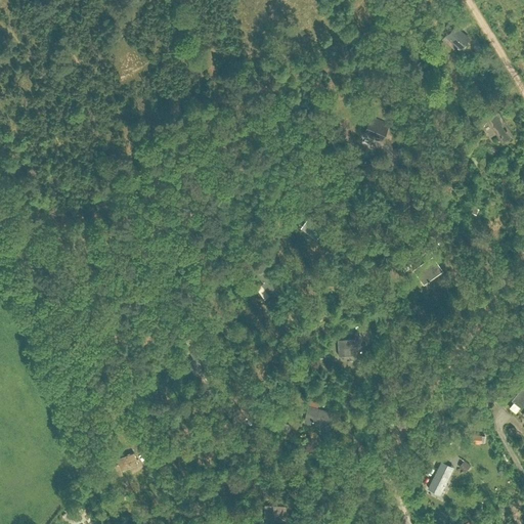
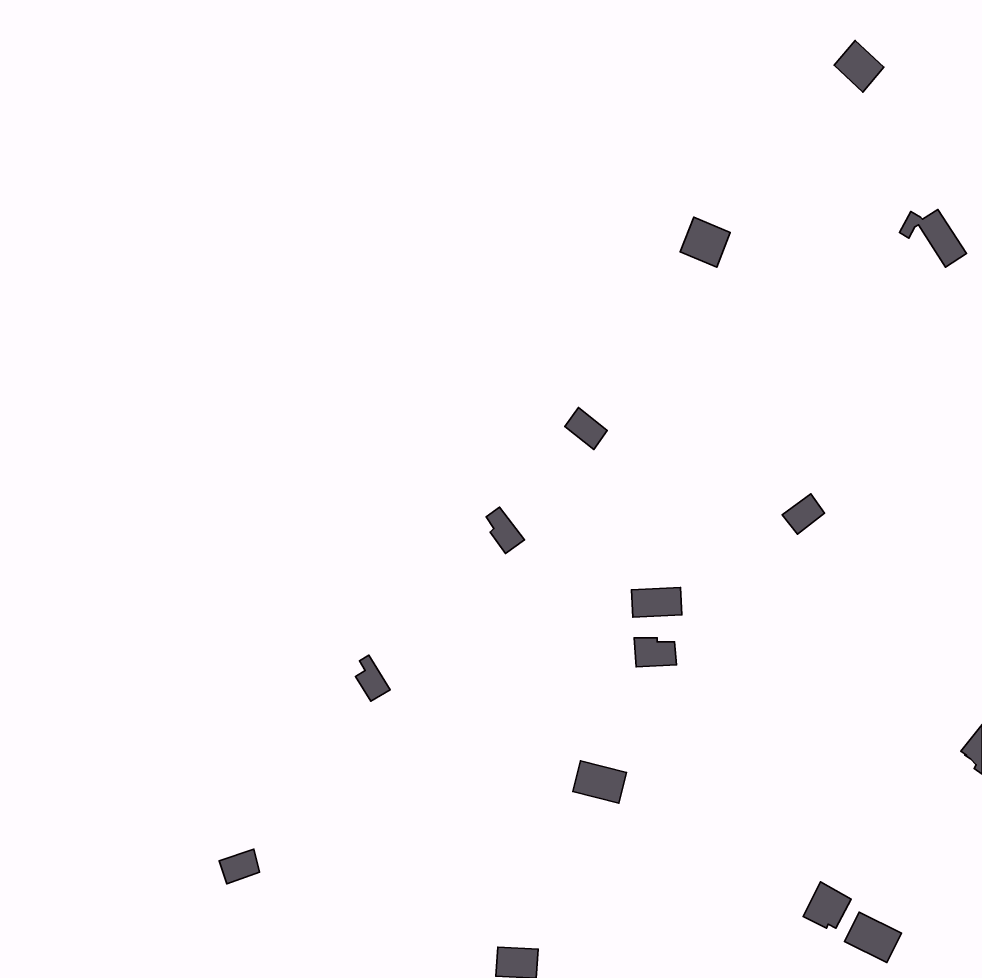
building: none -> [632,587,682,617]
building: none -> [844,912,901,963]

